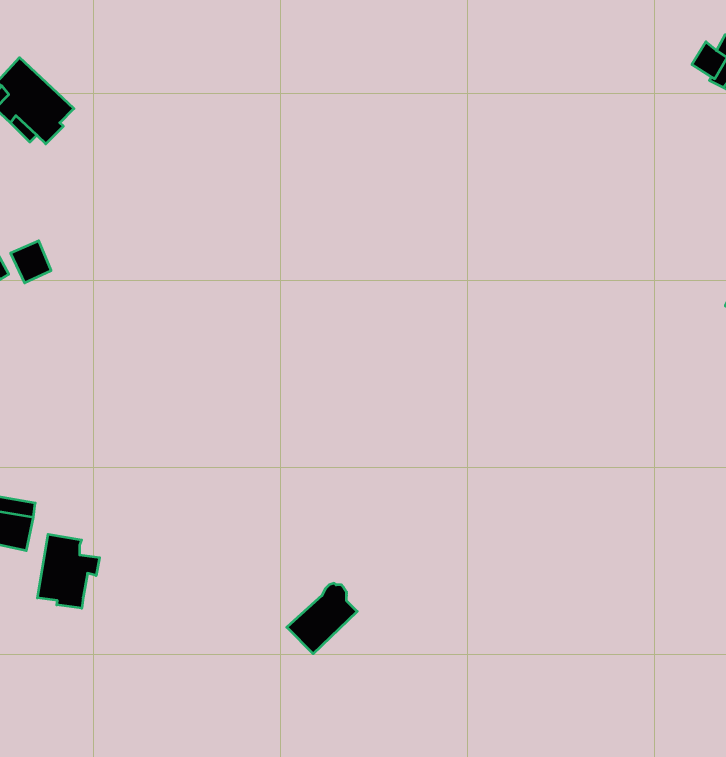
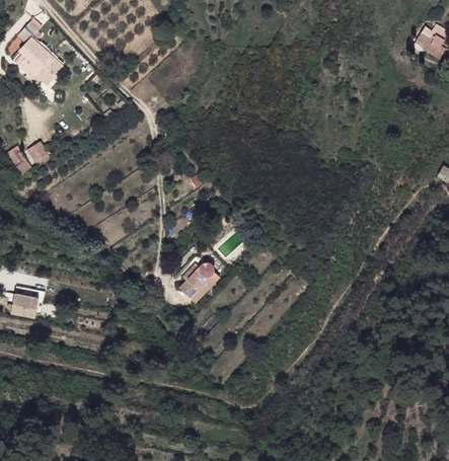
building: [37,534,100,608] -> none
building: [287,583,357,654] -> [179,261,220,302]

